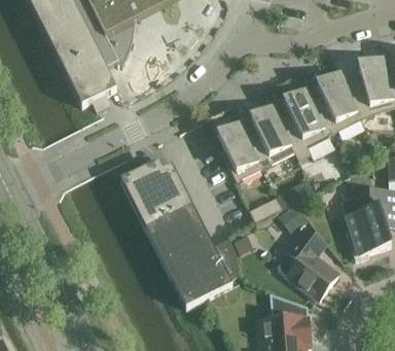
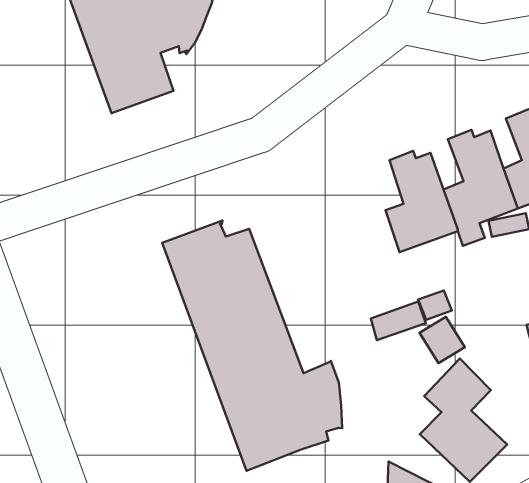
building: [215,121,260,178] -> none

